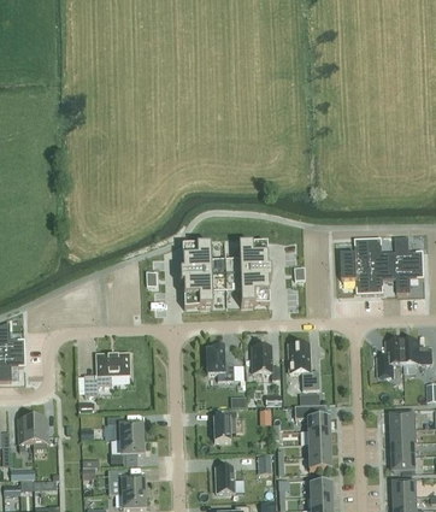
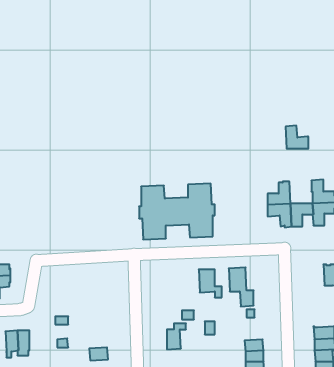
building: [361,236,389,264] -> [286,126,308,149]
building: [377,337,403,376] -> none
building: [206,346,234,378] -> none
building: [82,352,129,394] -> none
building: [294,404,329,429] -> none
building: [106,416,141,439] -> none

